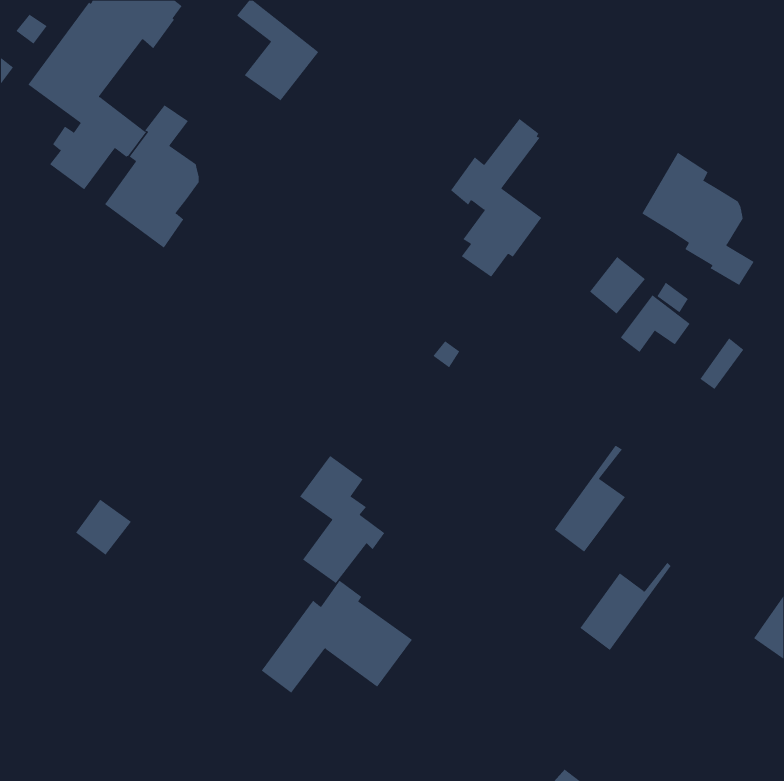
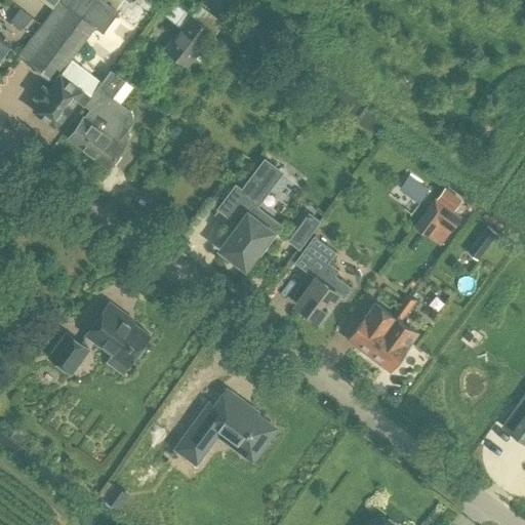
building: [450,118,542,278] -> [218,160,280,267]
building: [642,152,754,286] -> none
building: none -> [87,304,149,365]
building: [299,455,385,584] -> [295,235,353,321]
building: [580,562,672,651] -> [350,296,411,356]

